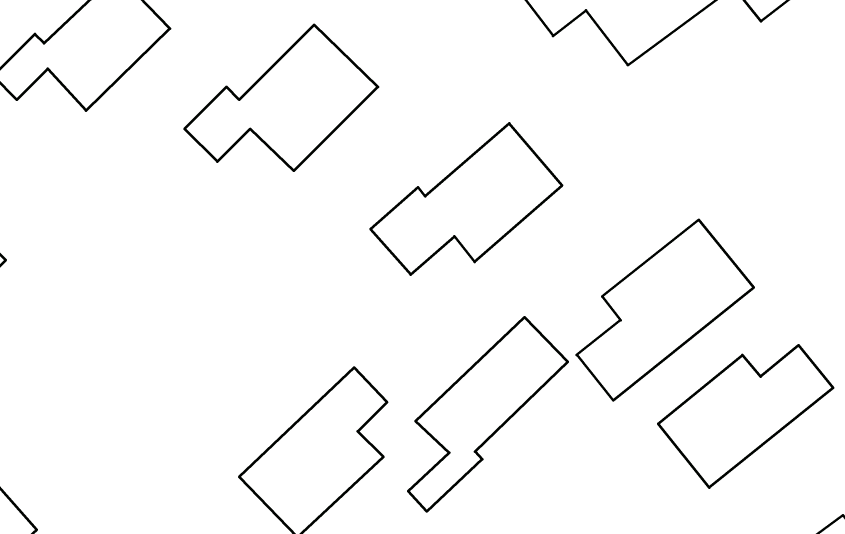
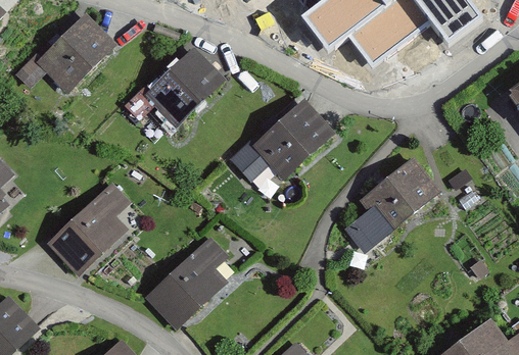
building: none -> [43,181,128,276]
building: [408,317,568,511] -> none
building: [658,345,833,488] -> none

